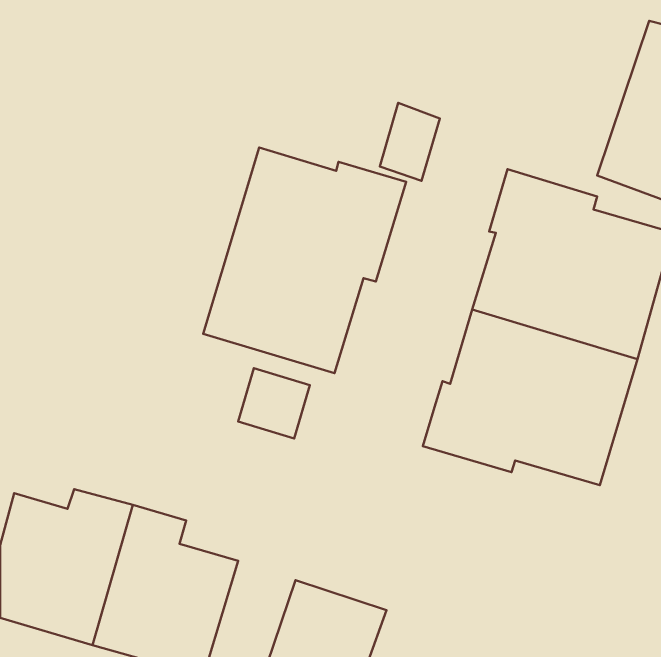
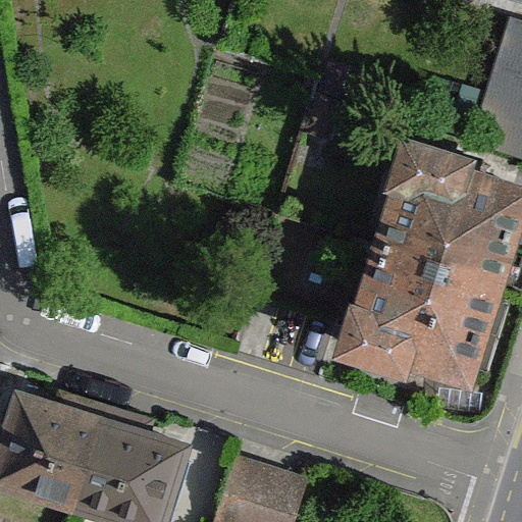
building: [203,148,406,373] -> none

